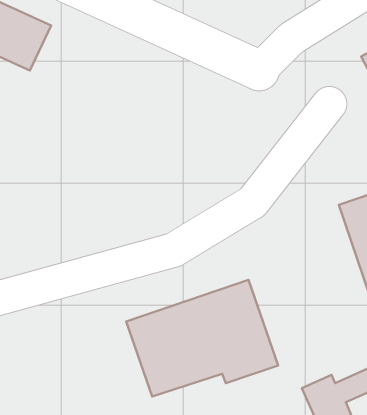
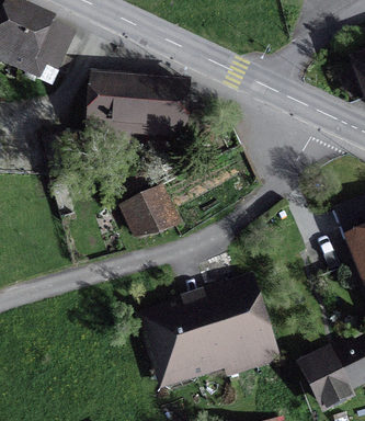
building: none -> [92,79,185,137]
building: none -> [125,189,175,236]

